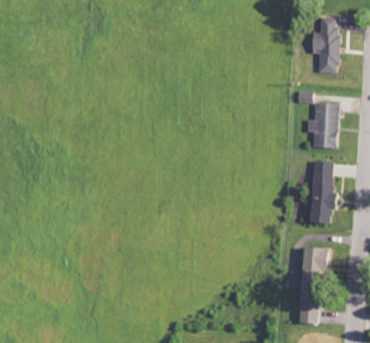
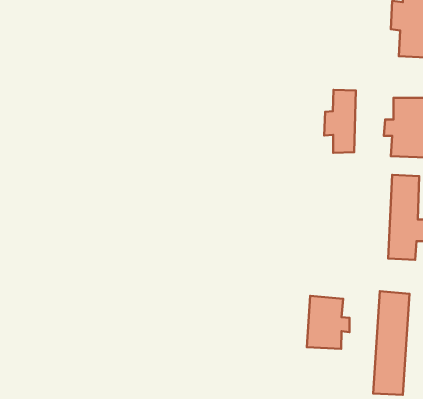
building: none -> [324,90,356,153]
building: none -> [307,296,349,349]

